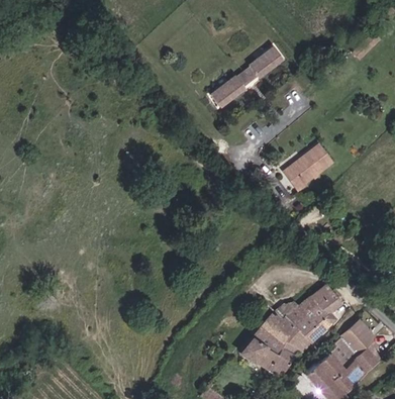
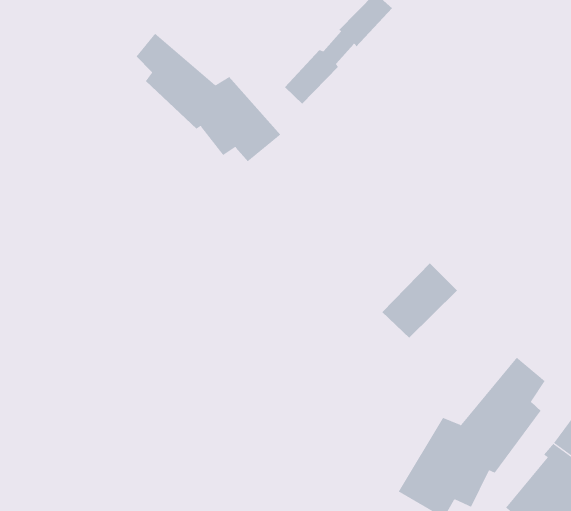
building: none -> [136,33,281,162]
building: [283,143,330,187] -> [381,263,458,338]

